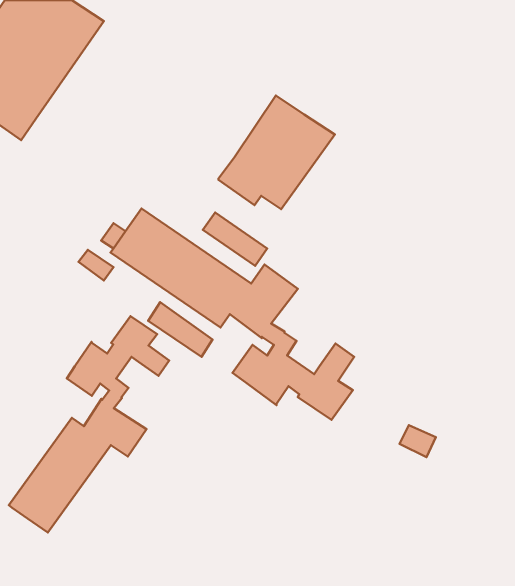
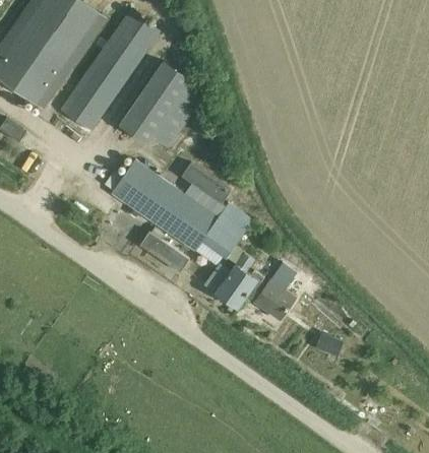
building: none -> [60,11,159,131]
building: [218,96,335,209] -> [119,62,207,148]
building: [9,316,169,533] -> none

